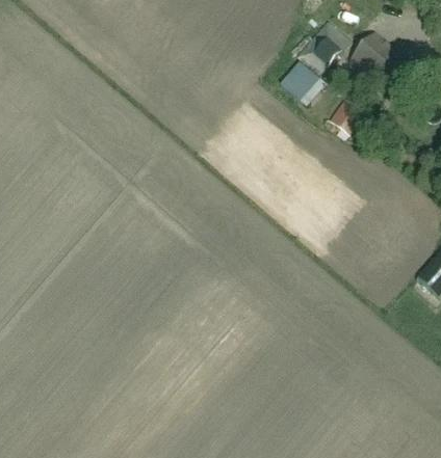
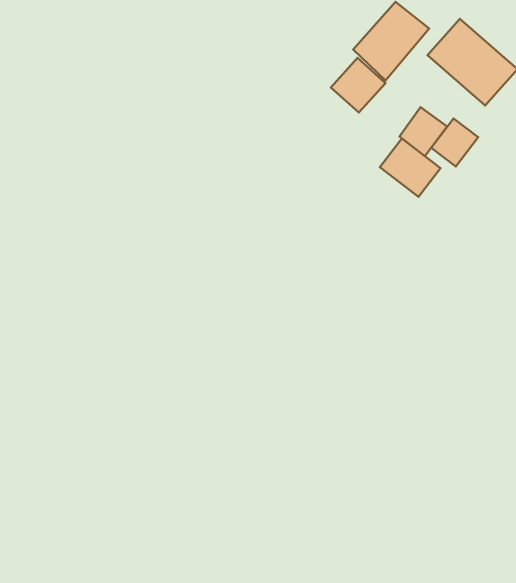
building: none -> [431,118,478,166]
building: none -> [380,138,441,197]

